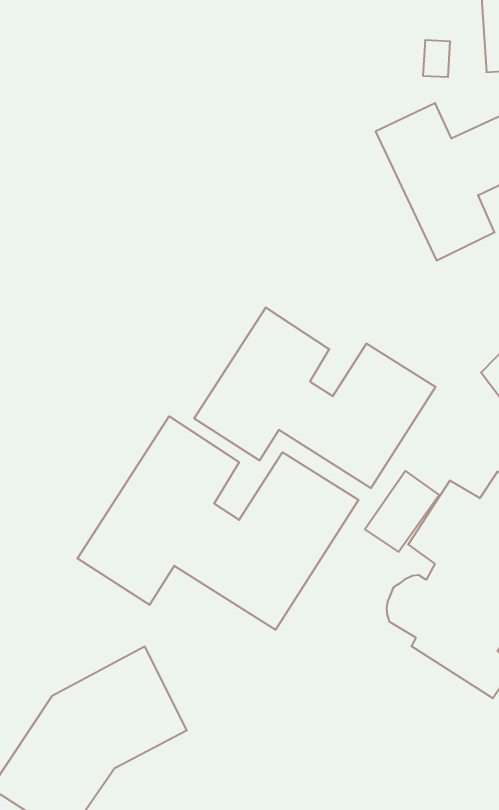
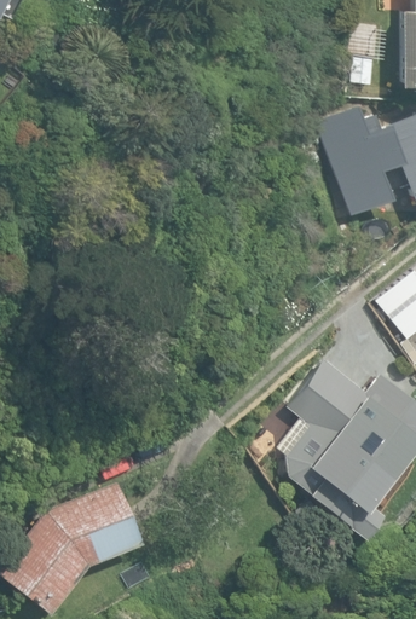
building: [194,307,435,488] -> none
building: [77,416,358,630] -> none

